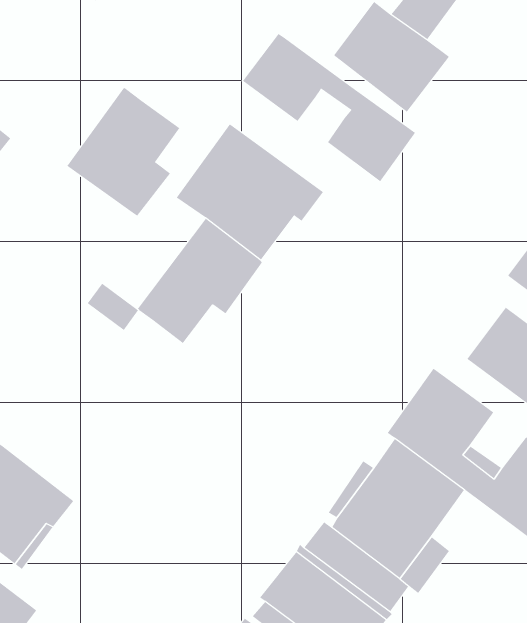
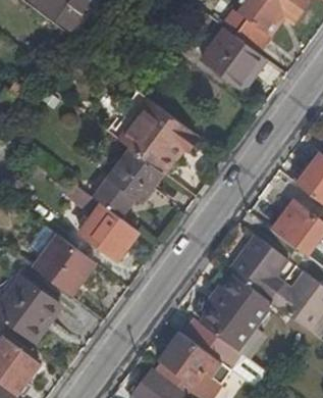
building: [242,33,416,182] -> none
building: [66,87,180,216] -> none
building: none -> [79,206,137,261]
building: none -> [23,231,89,295]

